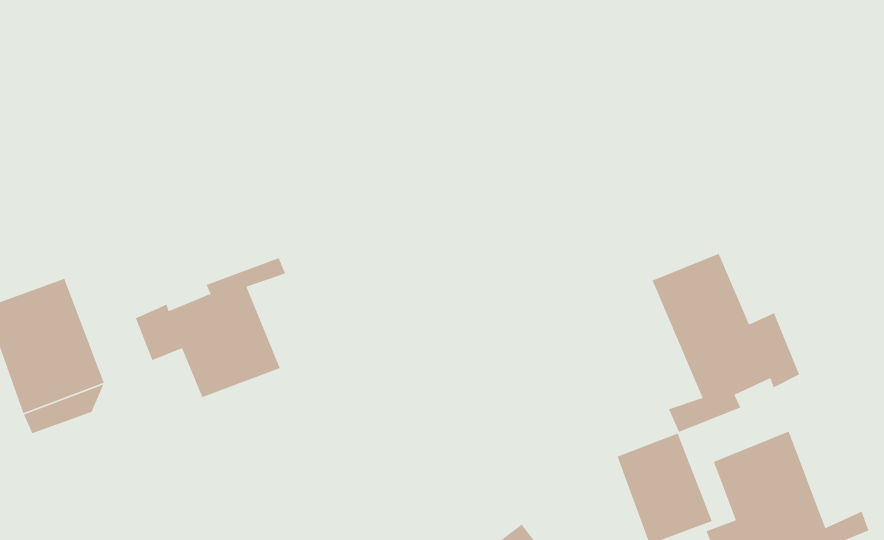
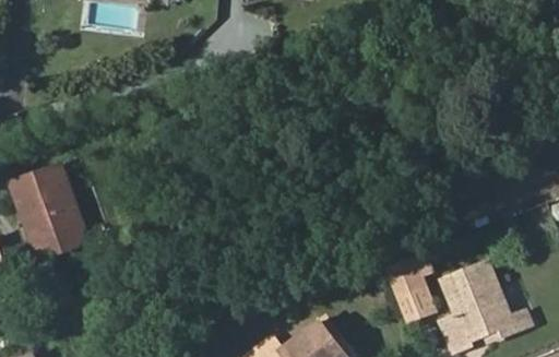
building: [652,253,800,433] -> none
building: [135,257,286,398] -> none

